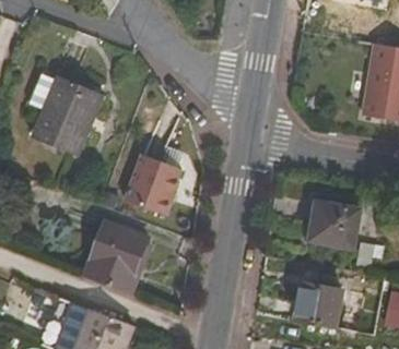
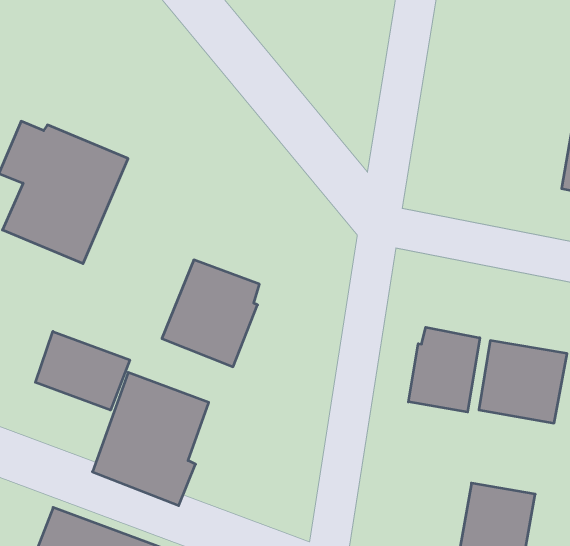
building: none -> [408,327,480,412]
building: none -> [35,331,130,410]

